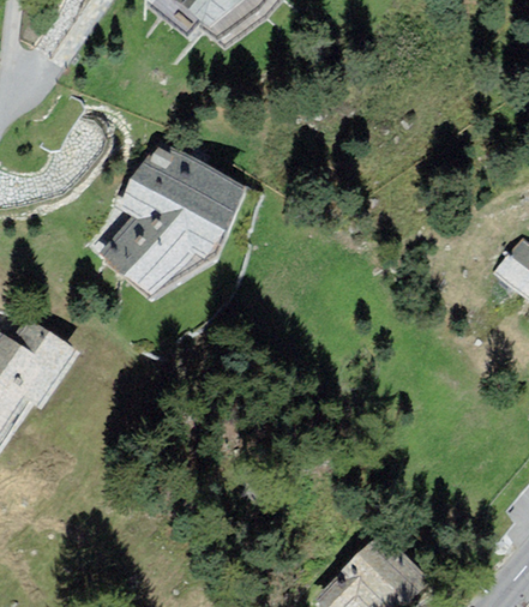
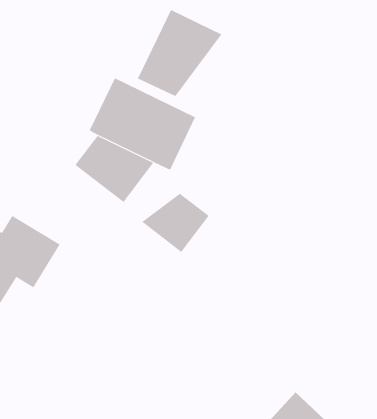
building: none -> [137,9,222,97]
building: none -> [141,193,210,253]

